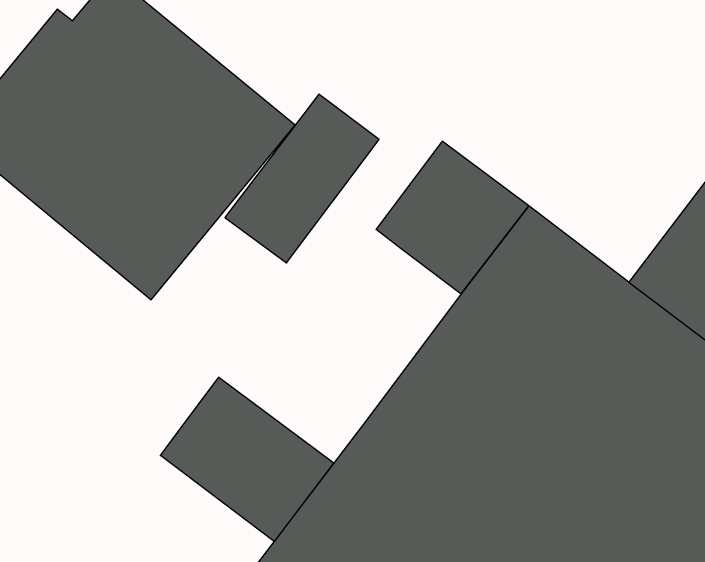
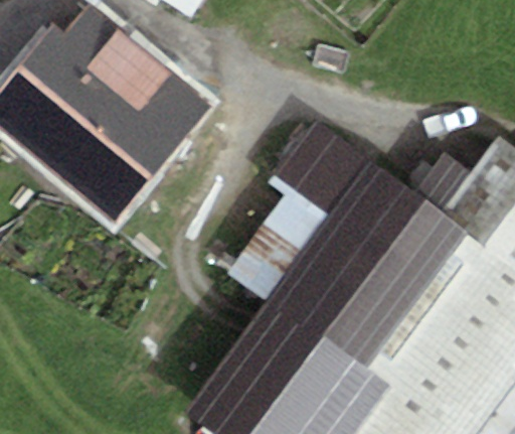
building: [225,94,379,263] -> [223,190,329,306]
building: [160,377,334,541] -> none

